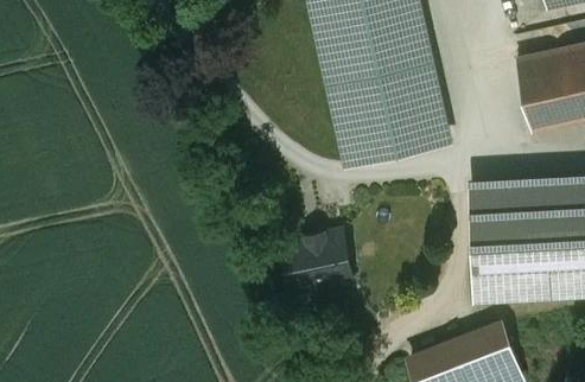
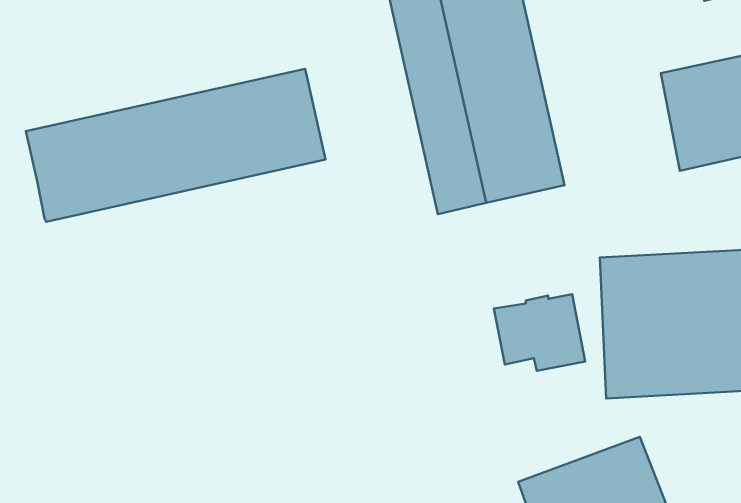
building: none -> [26,69,325,222]
building: [284,230,351,287] -> [494,294,585,371]

